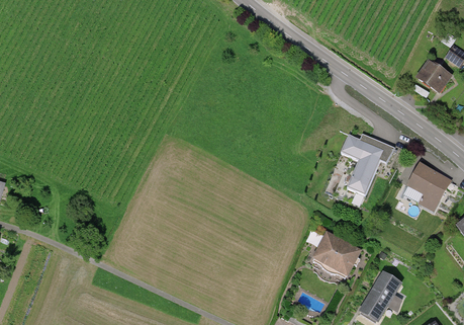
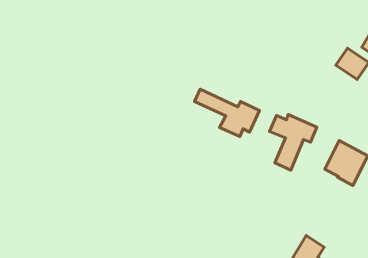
building: none -> [195,89,259,136]
building: [311,232,362,278] -> none

